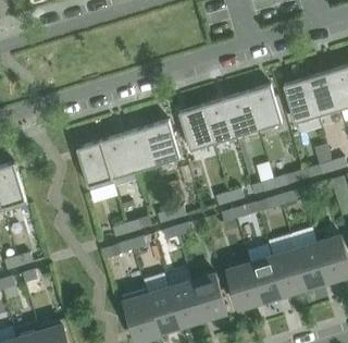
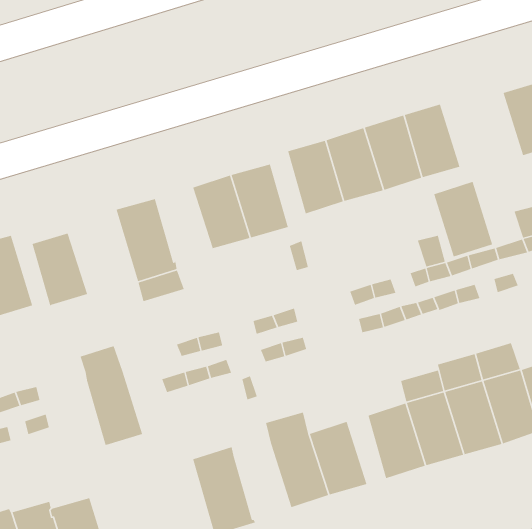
building: [283,78,319,124] -> [433,181,493,258]
building: [100,135,134,180] -> [32,232,88,307]
building: [142,273,181,333] -> [79,345,143,446]

